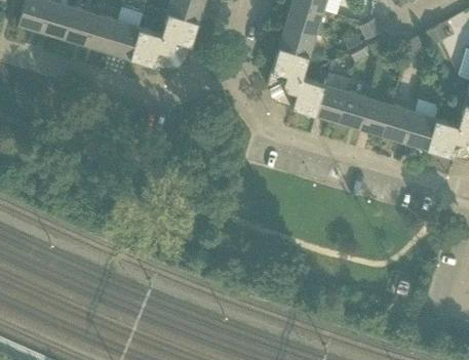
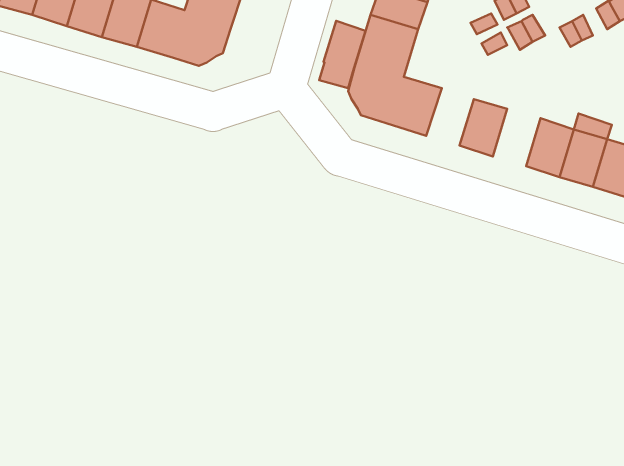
building: none -> [319,21,366,88]
building: [316,84,347,121] -> none
building: [359,97,390,134] -> none

